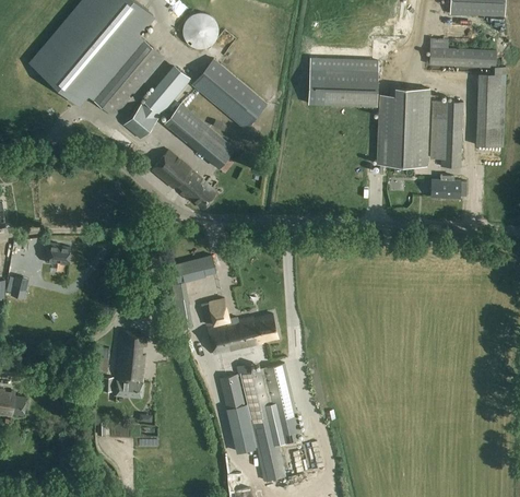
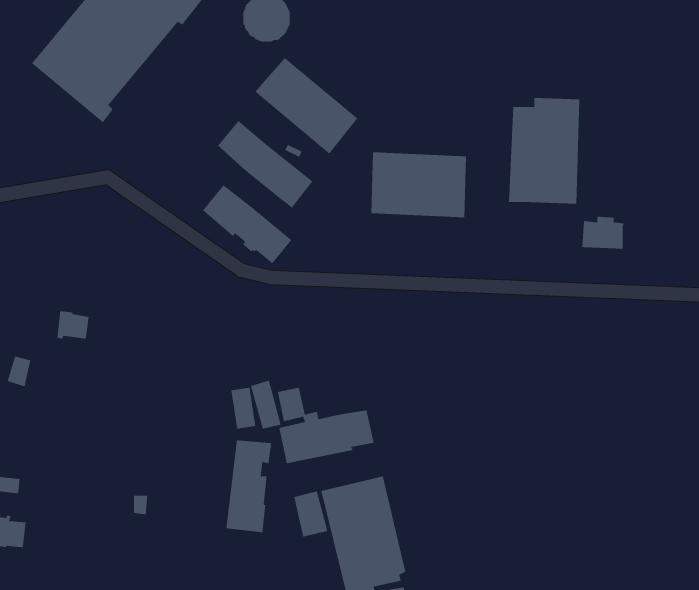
building: [85,34,164,118] -> none
building: [429,47,506,146] -> none
building: [309,59,379,107] -> [371,152,467,218]
building: [122,63,192,140] -> none
building: [436,102,463,168] -> none
building: [173,256,215,282] -> none
building: [115,332,149,400] -> [226,440,272,533]
building: [226,404,250,437] -> none

